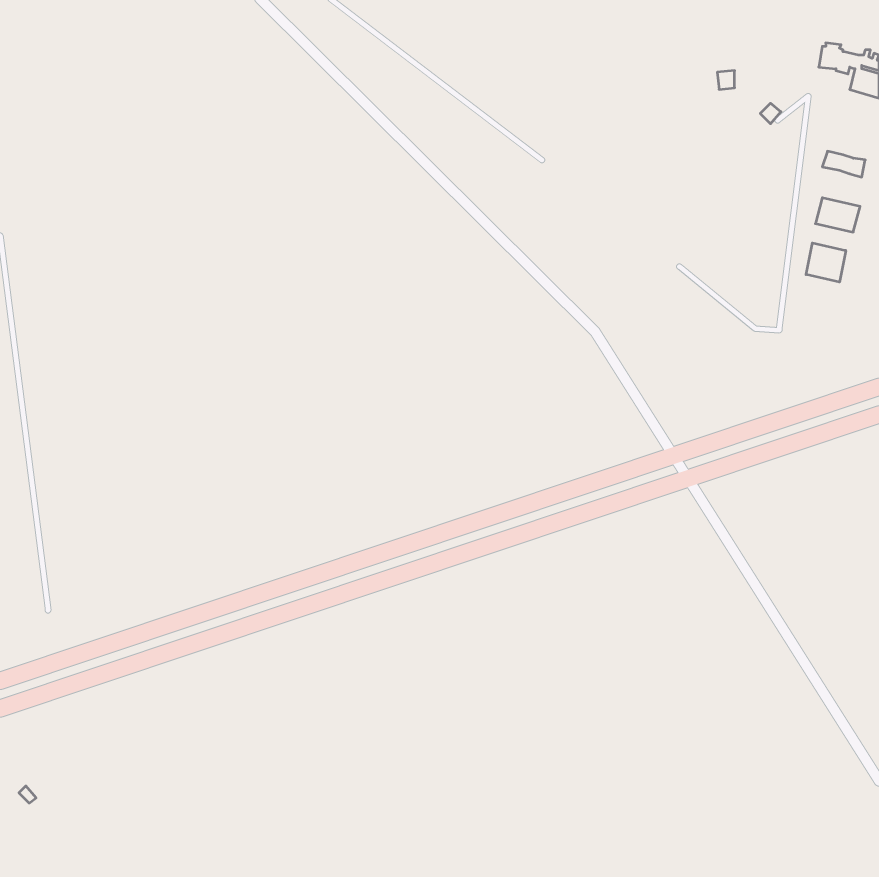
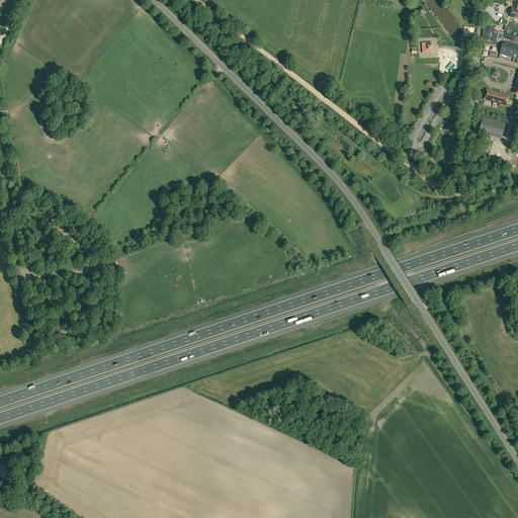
building: [806,243,846,282] -> none

